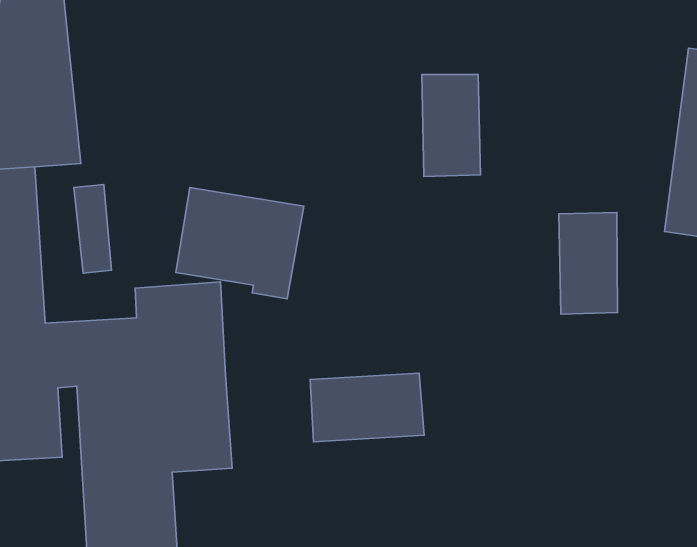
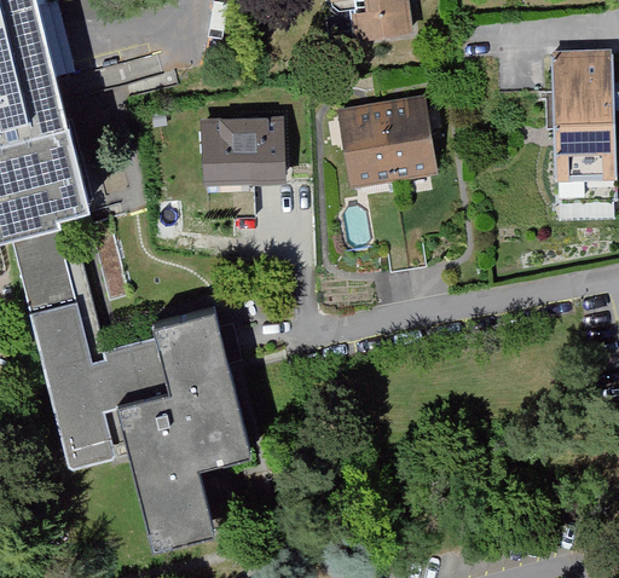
building: [176,187,304,299] -> [198,120,289,193]
building: [559,213,617,314] -> [388,93,446,179]
building: [310,373,424,442] -> none

